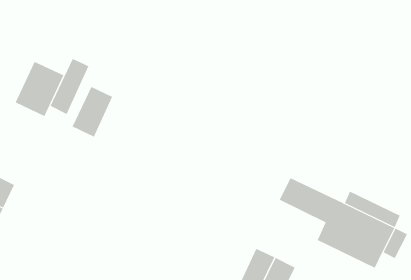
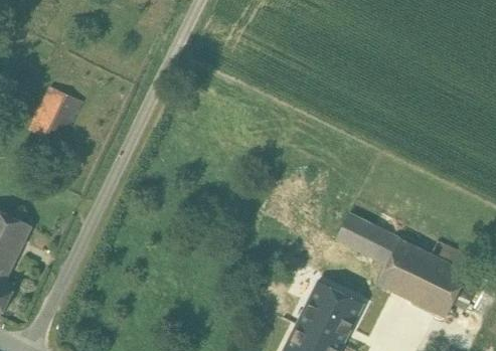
building: [50,58,89,115] -> none
building: [72,86,113,138] -> none
building: none -> [306,280,359,318]

